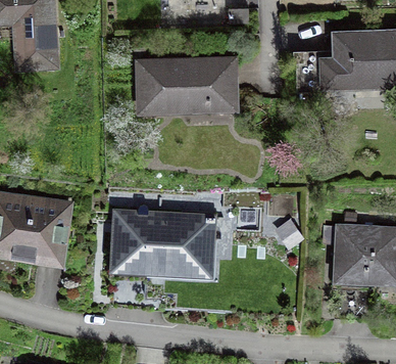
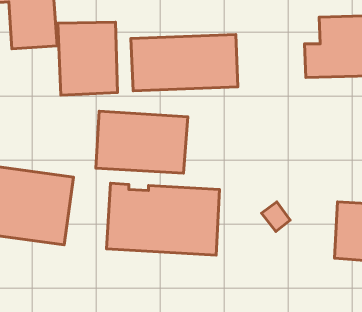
building: none -> [58,22,118,95]
building: none -> [96,111,188,173]

